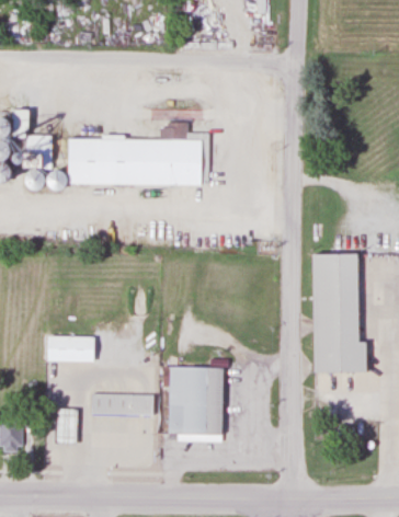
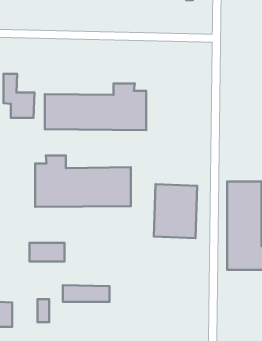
building: none -> [35,155,131,207]
building: [178,367,236,439] -> [154,184,197,238]

